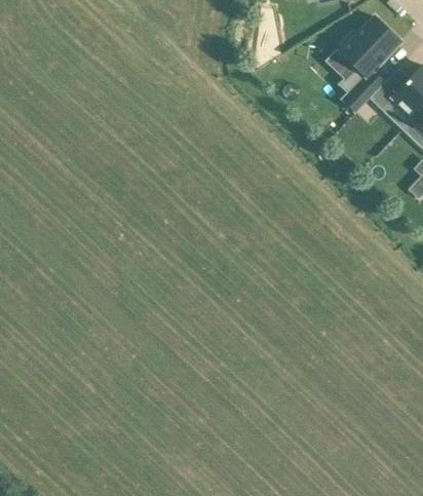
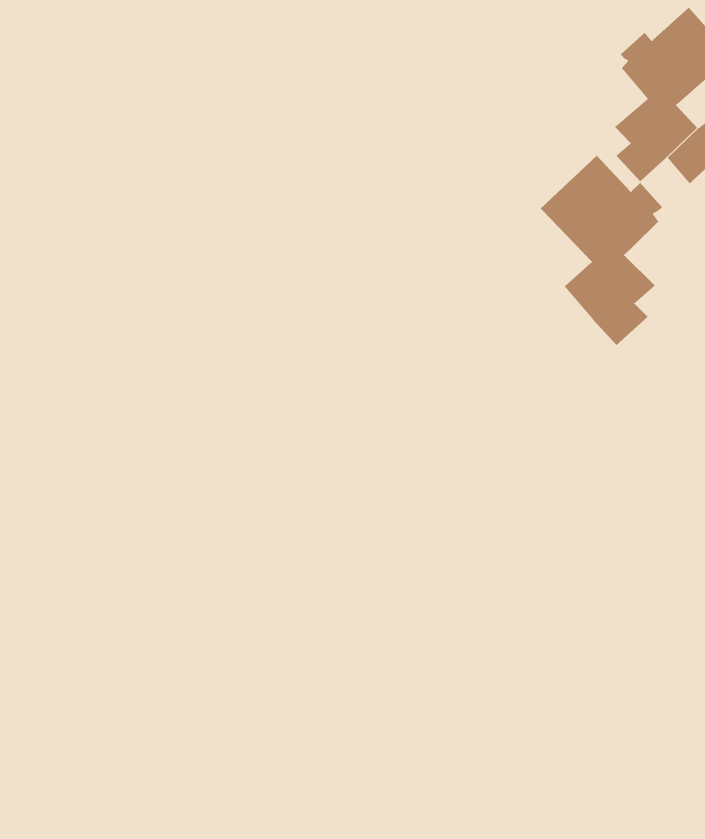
building: none -> [540,155,663,346]

